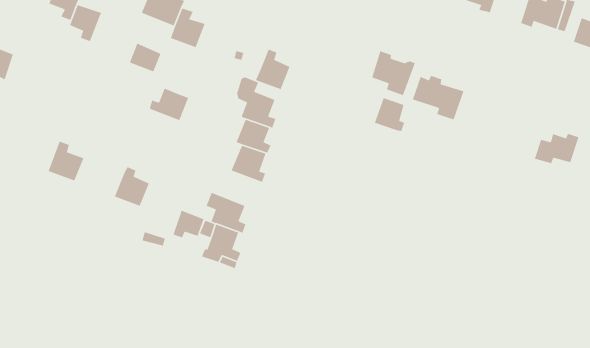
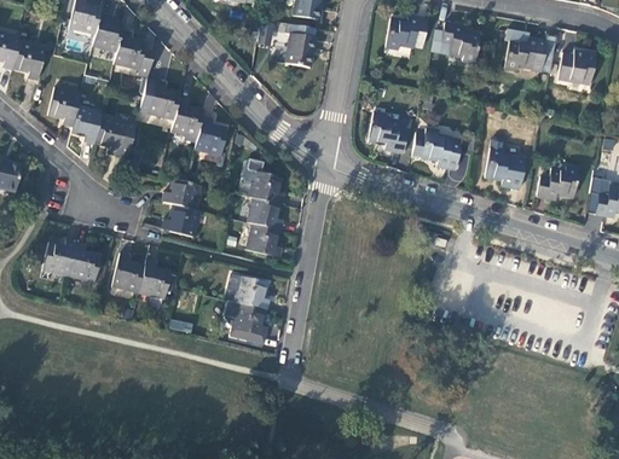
building: none -> [94,117,135,158]
building: [255,48,291,90] -> [193,115,226,153]
building: none -> [486,136,526,188]
building: [374,97,405,132] -> none
building: none -> [158,201,197,234]
building: none -> [45,240,77,274]
building: none -> [114,252,144,290]
building: [172,209,205,238] -> none

